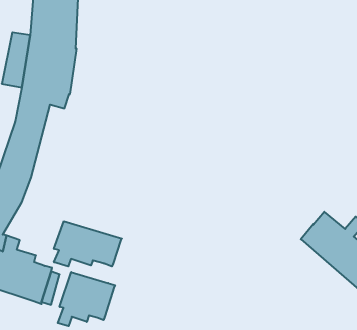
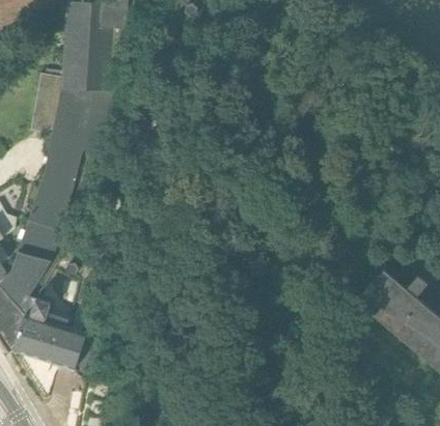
building: [54,221,122,266] -> none
building: [58,272,115,326] -> none

